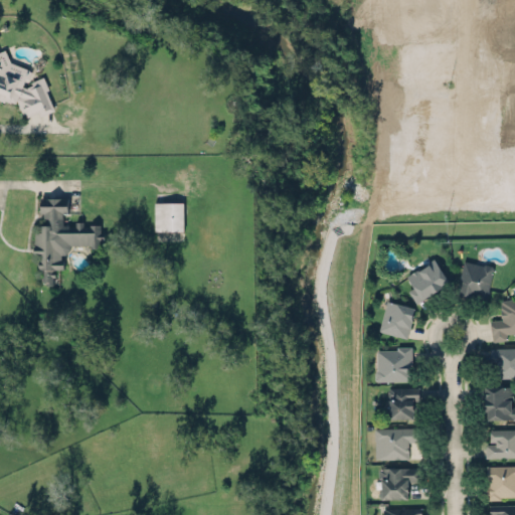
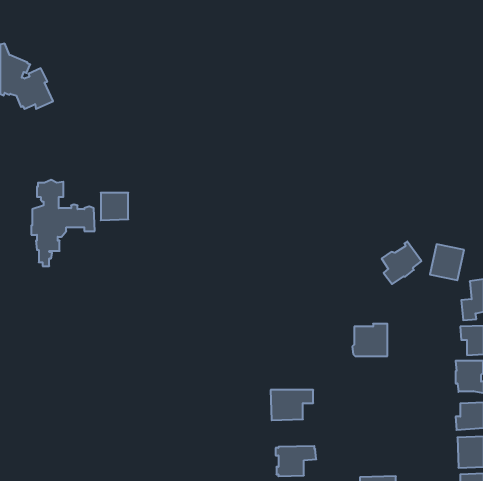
building: [155,204,184,233] -> [101,193,128,220]
building: [379,301,414,340] -> none
building: [388,389,420,420] -> none
building: [375,430,420,462] -> [271,390,313,420]
building: [379,469,422,501] -> [276,446,316,476]

